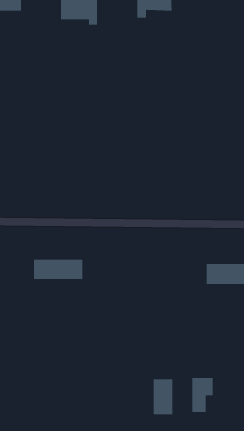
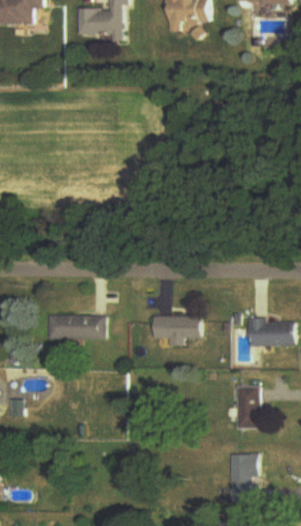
building: none -> [153,315,200,346]
building: [153,379,173,415] -> [234,386,258,428]

